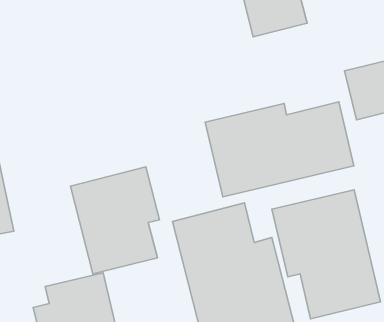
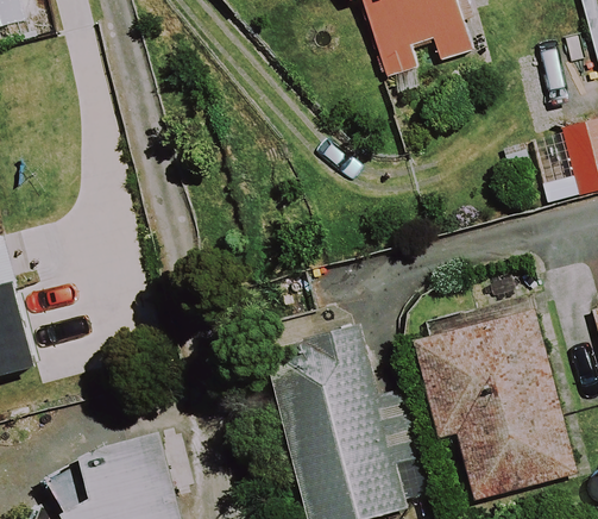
building: [205,102,354,197] -> none
building: [71,167,159,274] -> none

